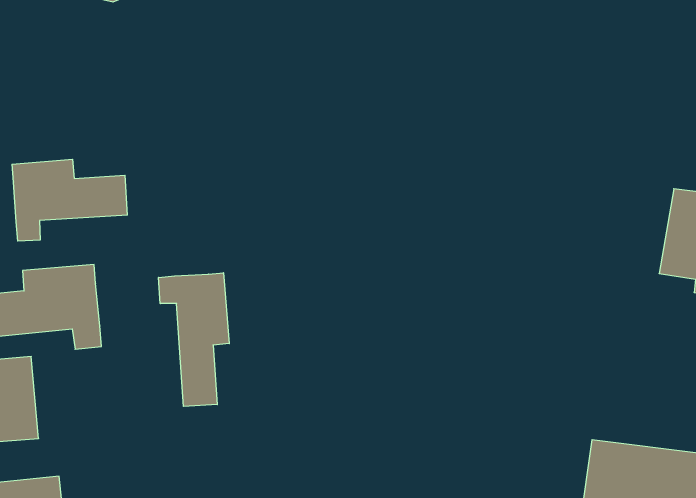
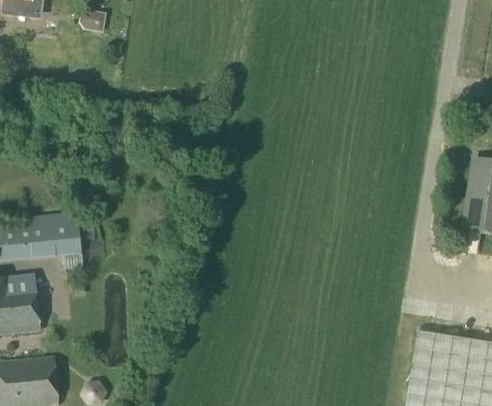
building: [12,159,127,241] -> none
building: [159,273,229,406] -> none

